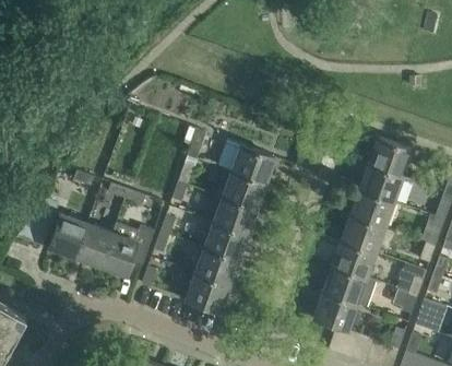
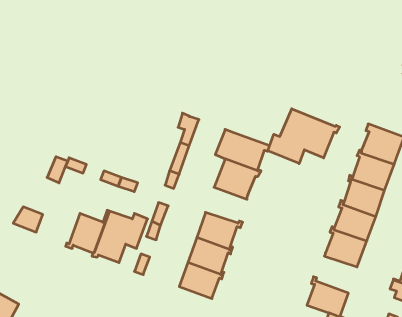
building: none -> [268,109,340,164]
building: [213,201,259,237] -> none
building: [48,217,87,258] -> none
building: [323,265,374,307] -> none

